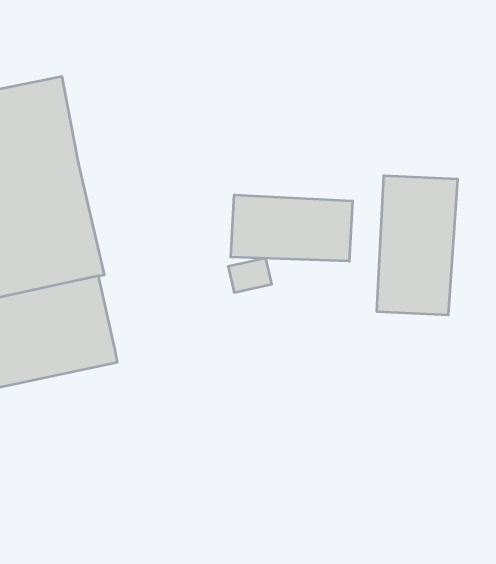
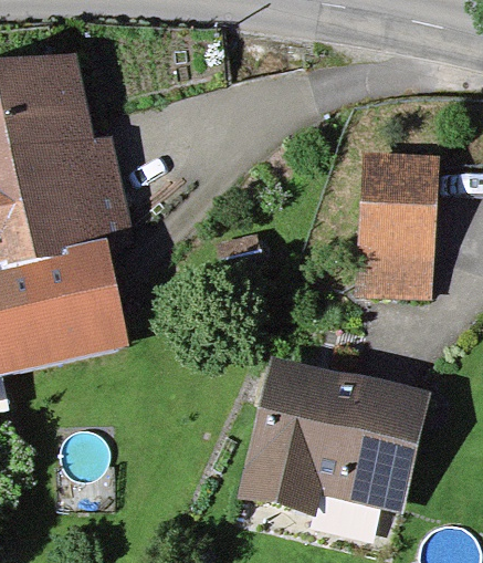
building: [231,195,353,261] -> none
building: none -> [250,365,418,509]

